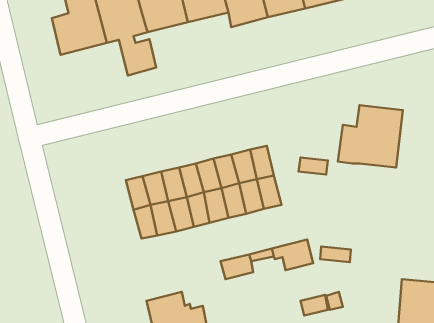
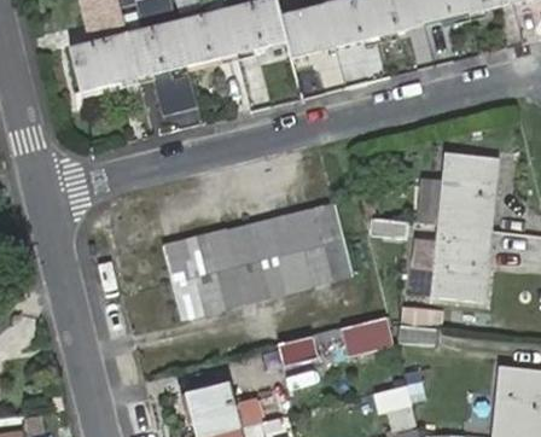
building: none -> [415,225,489,302]

